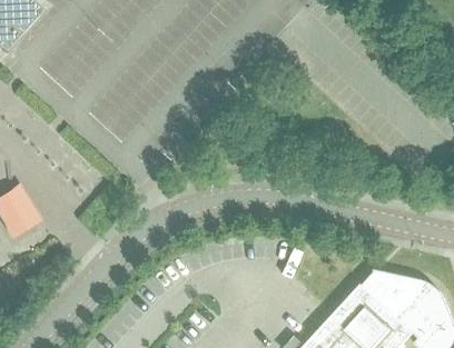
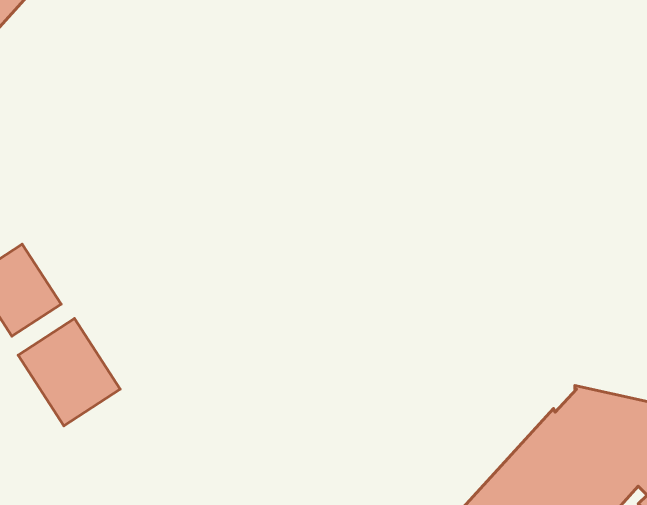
building: none -> [18,318,120,426]

